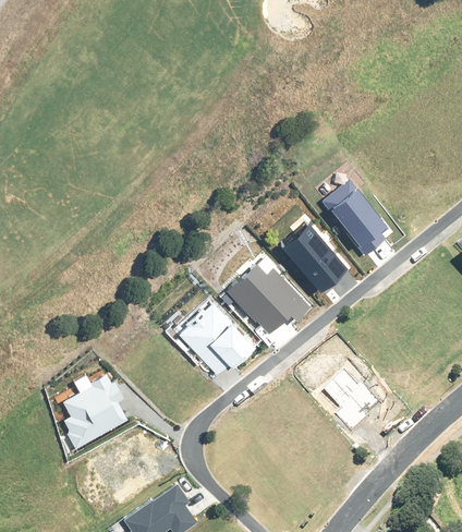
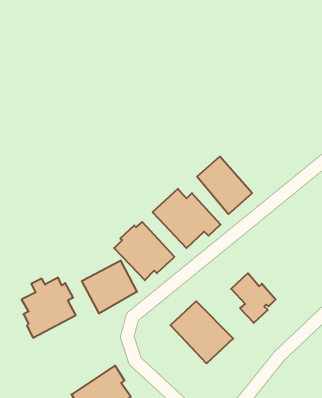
building: [321,179,388,255] -> none
building: none -> [82,260,137,314]
building: none -> [170,301,233,363]

